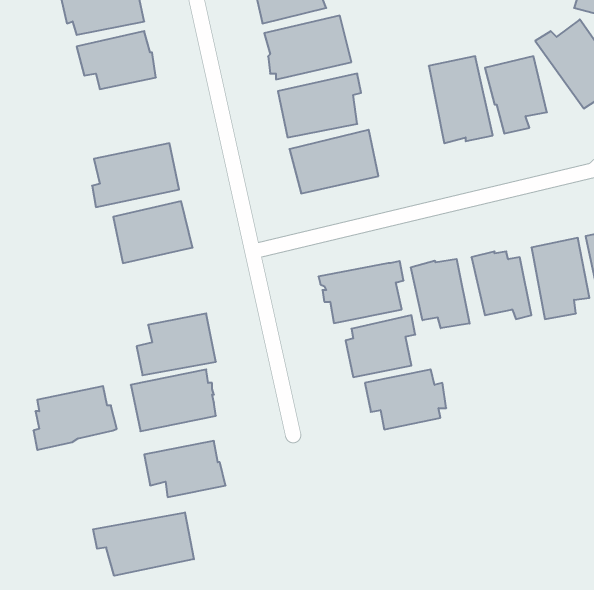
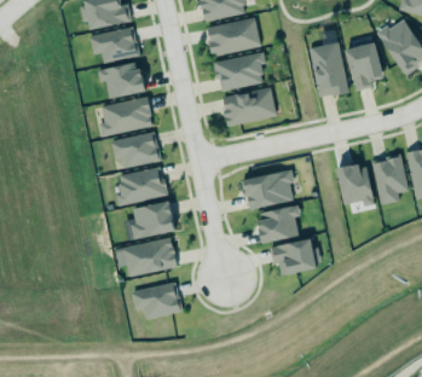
building: none -> [97,60,144,98]
building: [411,259,470,328] -> none
building: [33,386,117,450] -> [115,166,167,205]
building: [93,512,194,576] -> none

